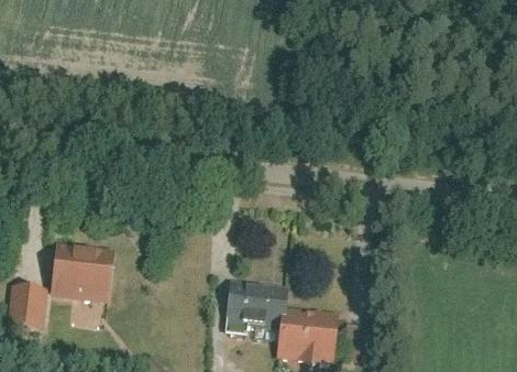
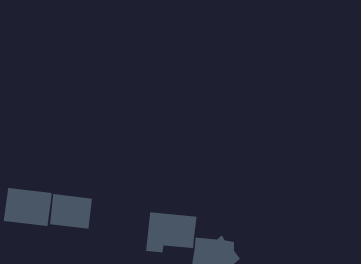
building: none -> [49,193,93,230]

